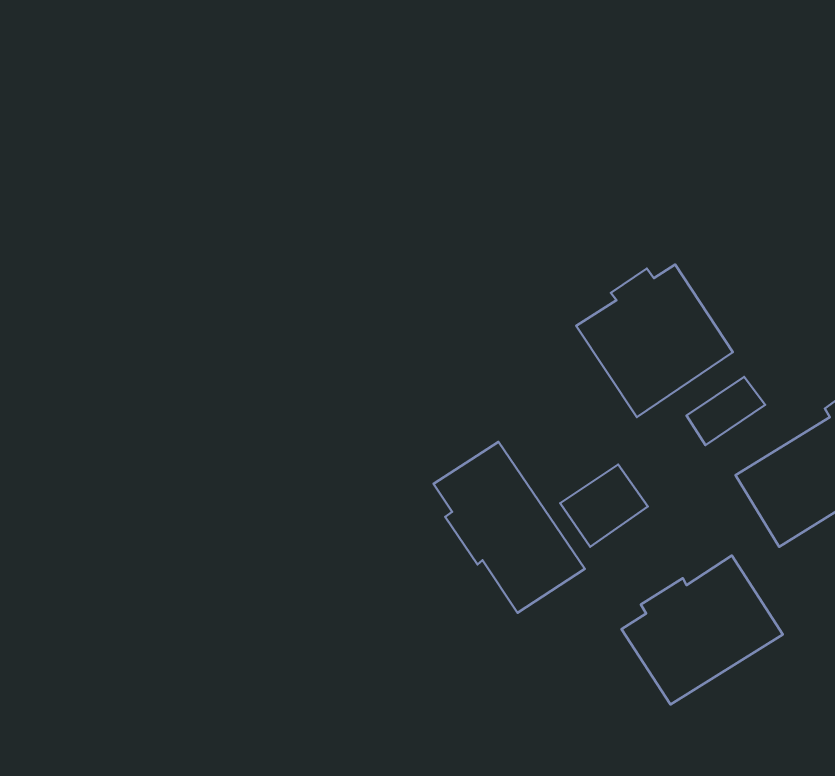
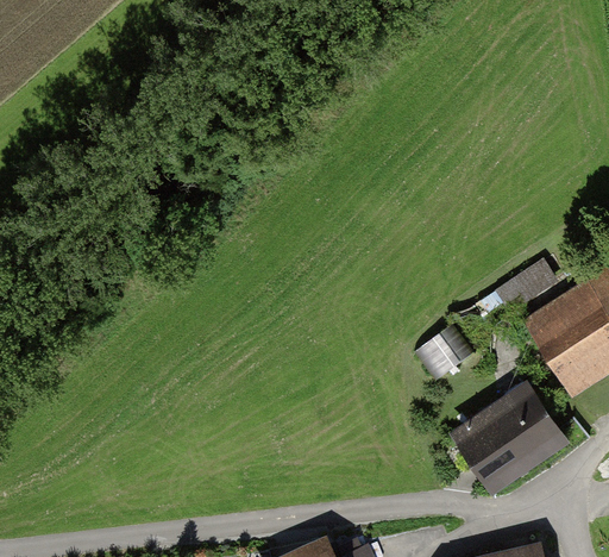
building: [576,264,733,417] -> none
building: [433,442,585,613] -> none

